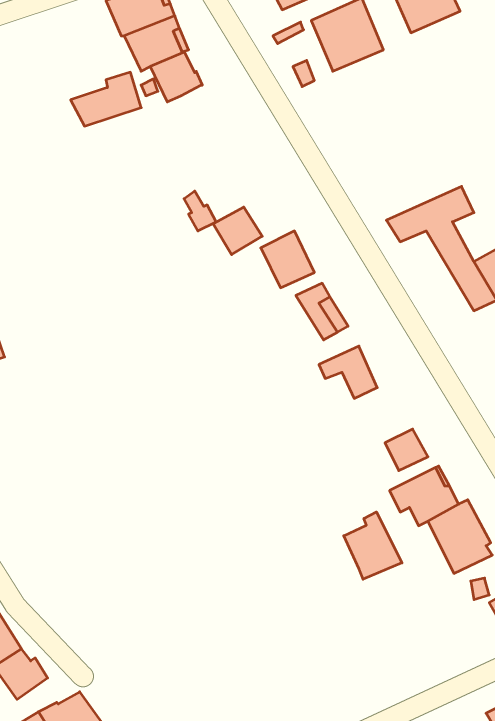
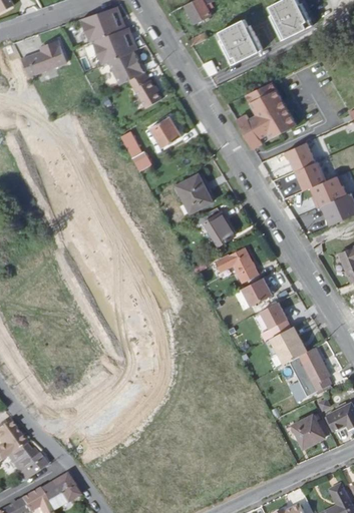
building: [71,72,141,126] -> [20,41,66,76]
building: none -> [129,76,158,107]
building: none -> [237,82,294,149]
building: [213,207,262,255] -> [150,118,183,149]
building: none -> [246,276,276,304]
building: [344,512,402,579] -> none
building: none -> [295,412,328,445]

